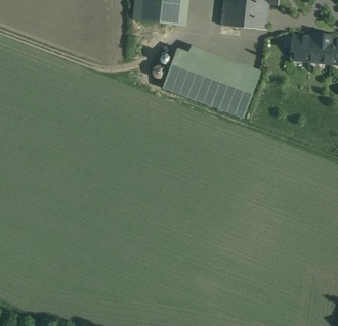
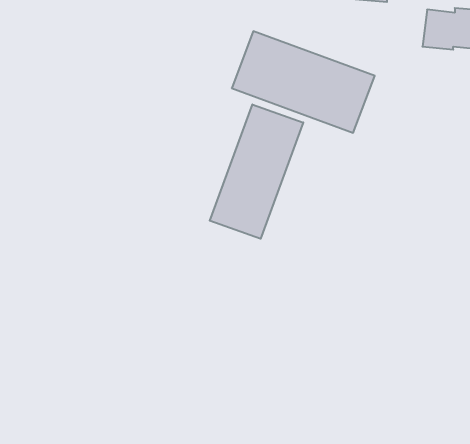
building: none -> [210,104,303,239]

